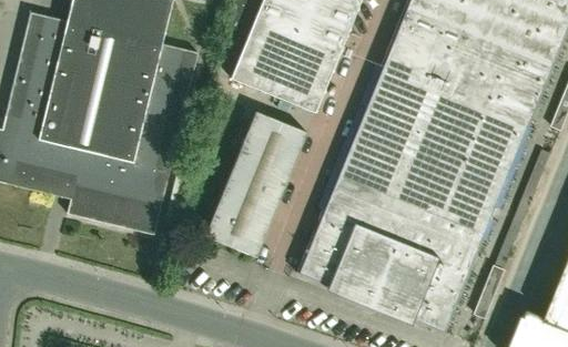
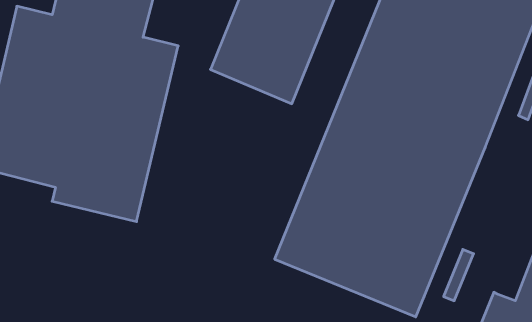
building: [206,112,308,257] -> none

